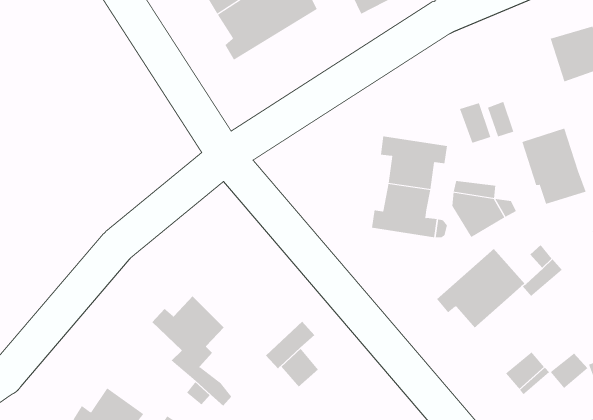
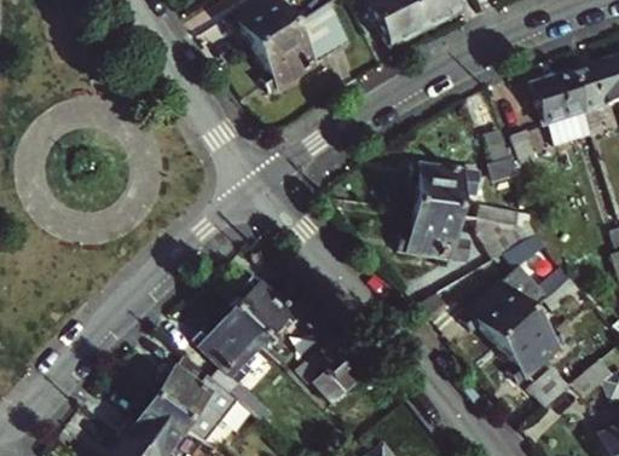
building: [521,128,586,205] -> [530,70,591,143]
building: none -> [232,276,299,344]
building: none -> [499,316,567,383]
building: none -> [151,360,219,426]

